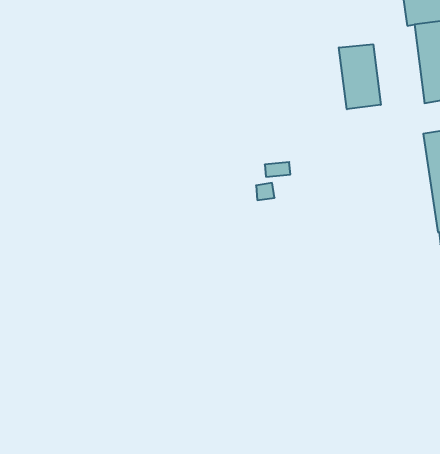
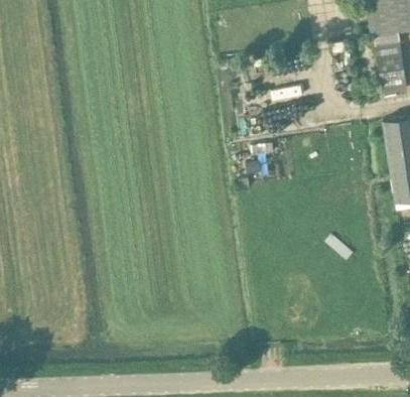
building: [339,44,381,109] -> none

